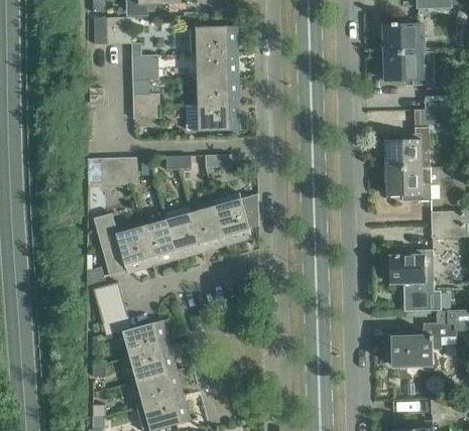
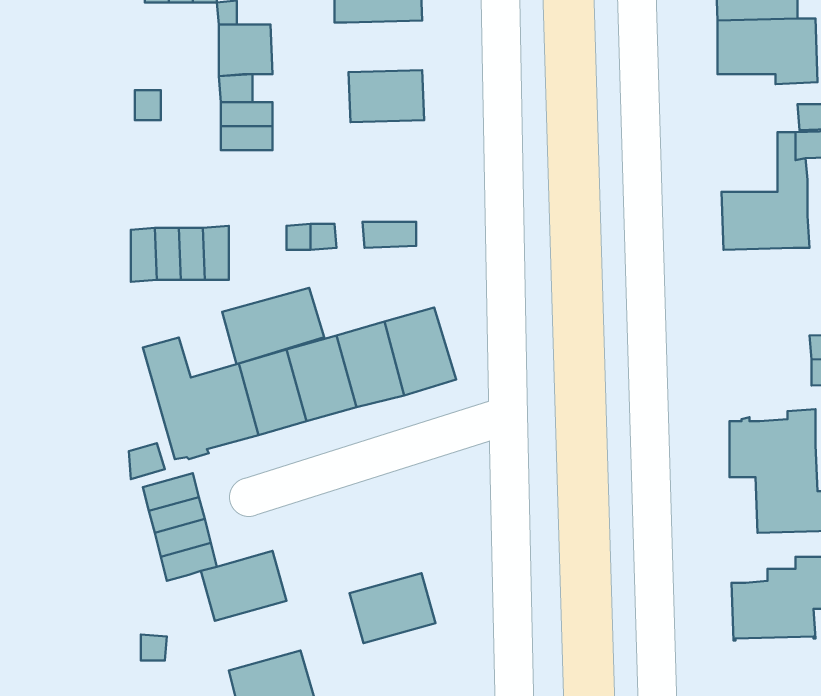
building: [196,52,234,79] -> none
building: [186,103,236,131] -> none
building: [386,167,431,200] -> none
building: none -> [222,288,324,364]
building: [129,345,172,381] -> [350,573,435,643]

